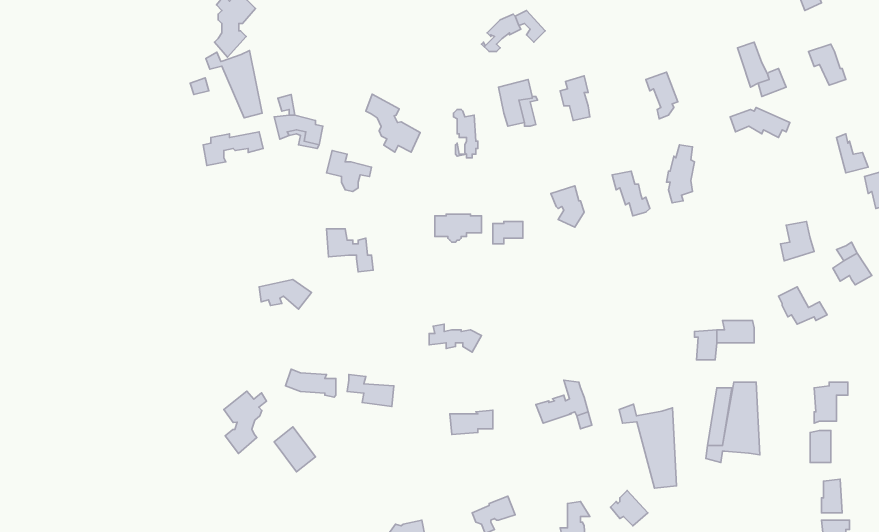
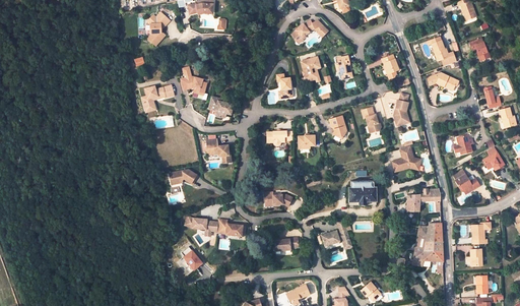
building: [206,51,262,118] -> none
building: [366,94,420,152] -> none
building: none -> [392,144,421,172]
building: none -> [347,180,377,204]
building: [224,391,267,454] -> none
building: [619,404,677,488] -> none

